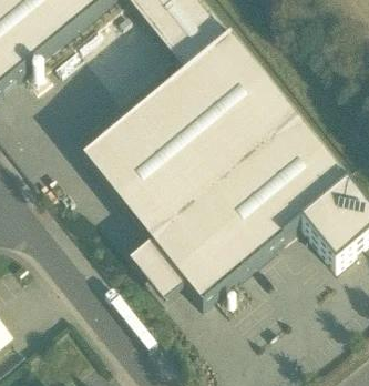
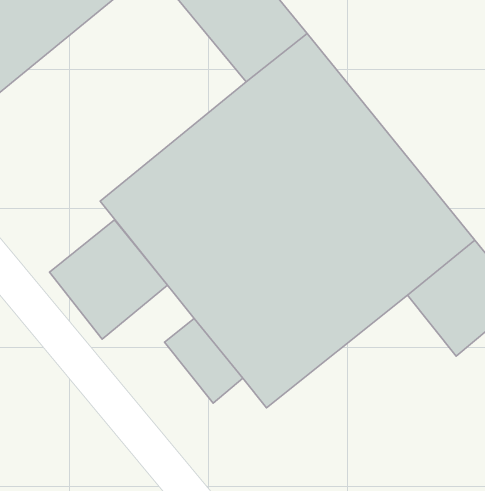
building: none -> [49,220,168,339]

